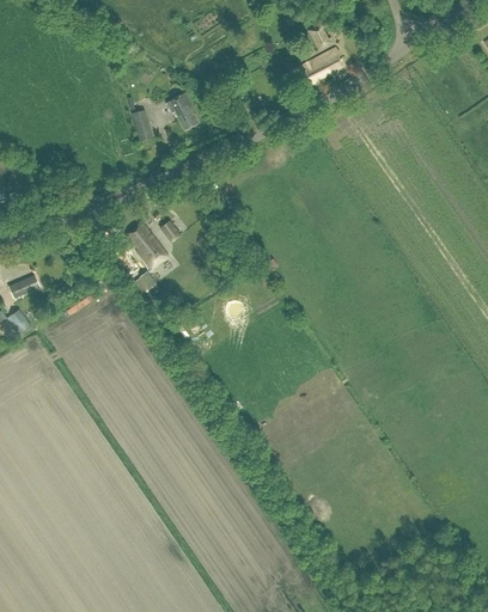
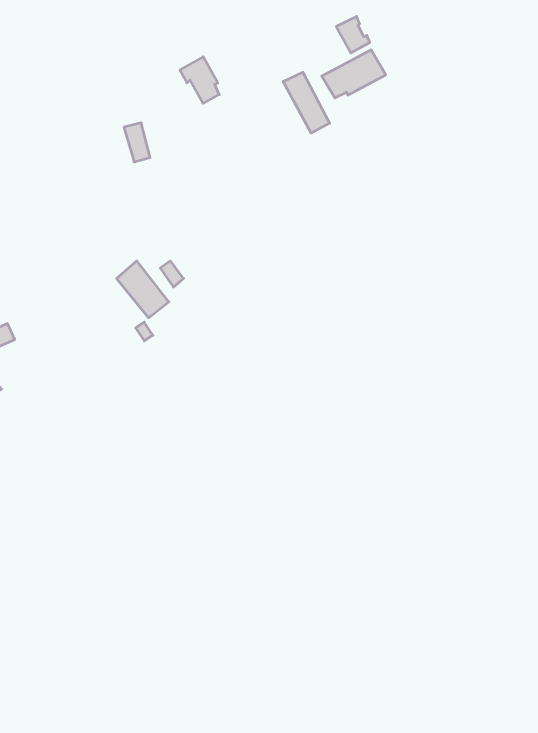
building: none -> [283,72,330,133]
building: [165,91,197,129] -> [180,57,219,103]

